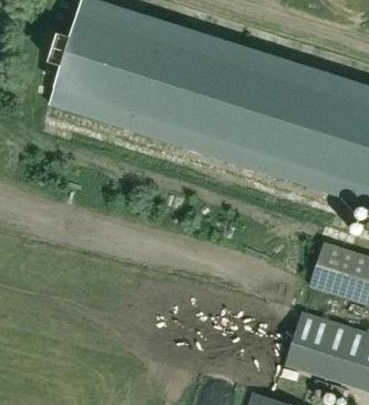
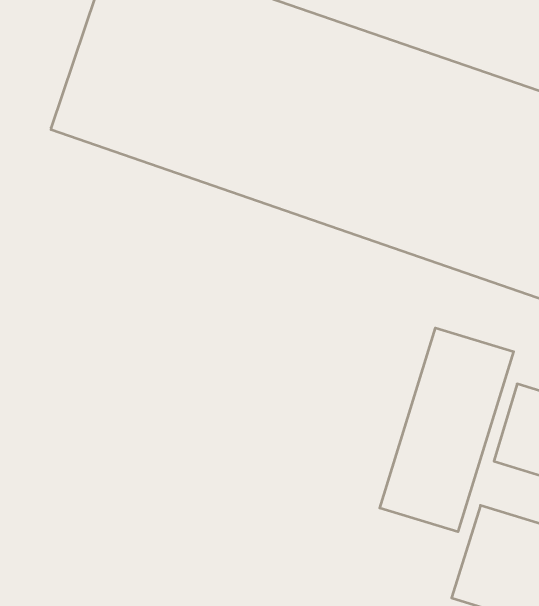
building: none -> [380,328,514,532]

